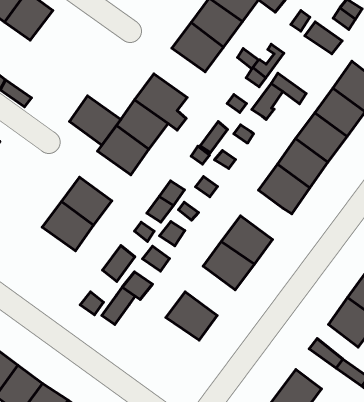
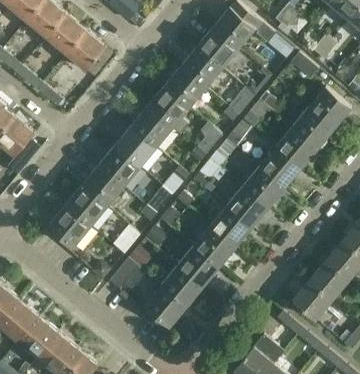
building: none -> [65,30,106,71]
building: none -> [164,67,206,108]
building: [69,96,121,145] -> [98,147,140,188]
building: none -> [227,187,269,228]
building: none -> [49,206,91,247]
building: none -> [178,246,219,287]
building: none -> [144,286,187,326]

